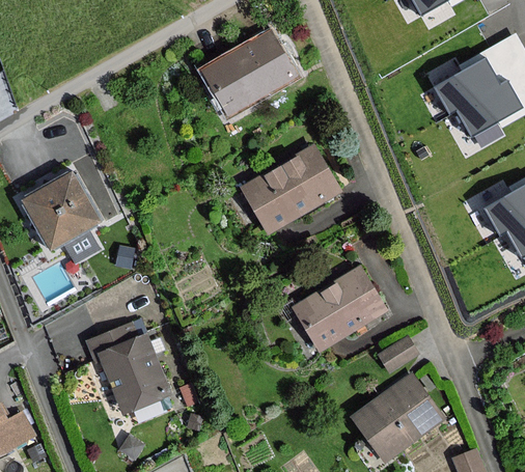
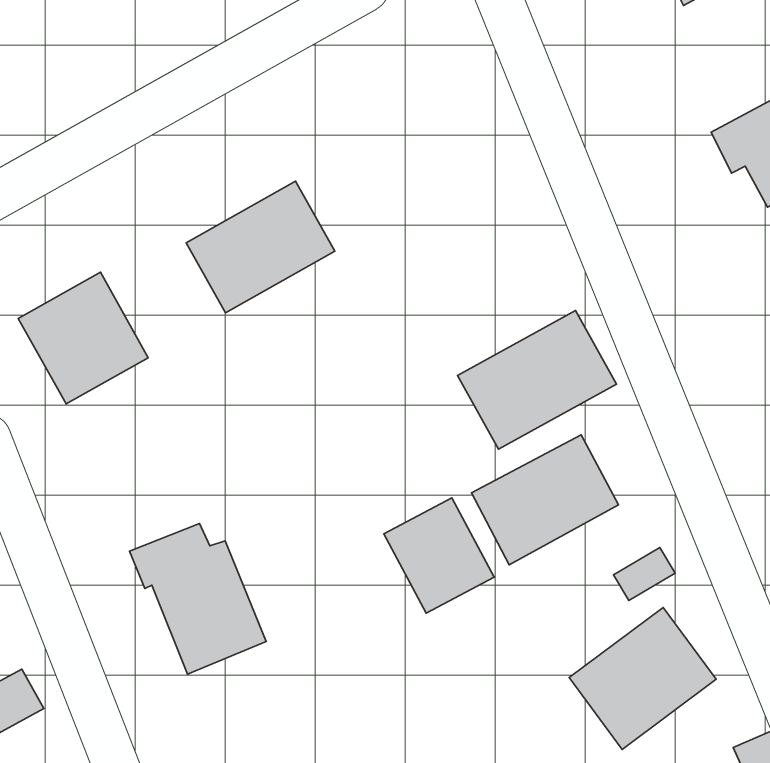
building: [203,34,294,114] -> [186,181,335,313]
building: [242,148,338,232] -> [457,311,617,449]
building: none -> [384,498,494,613]

